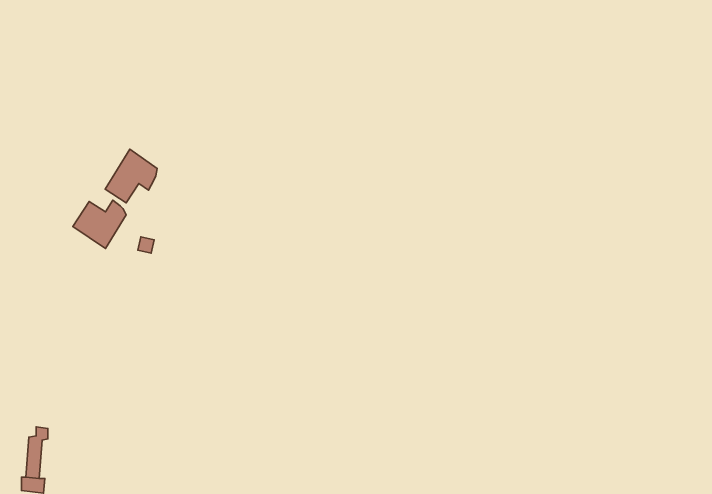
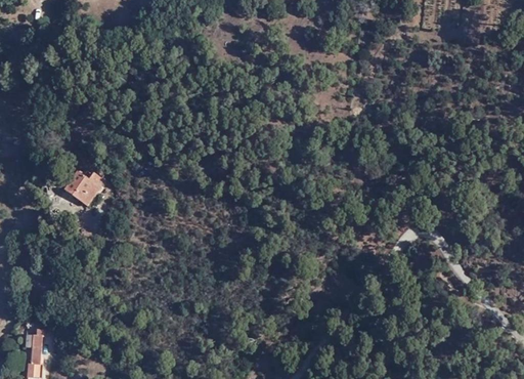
building: [105,149,157,203] -> none

